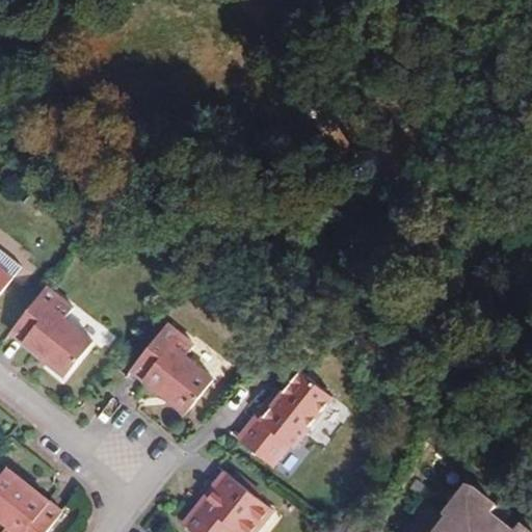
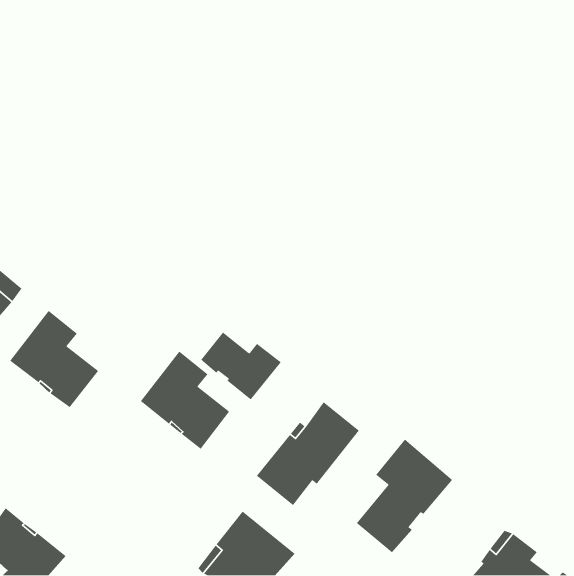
building: none -> [200,331,282,400]
building: none -> [356,439,453,553]

